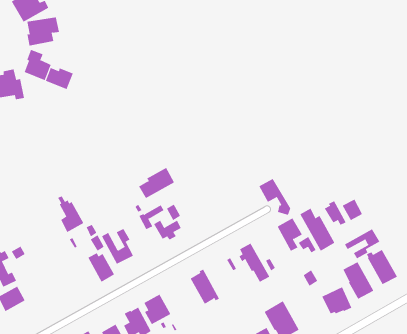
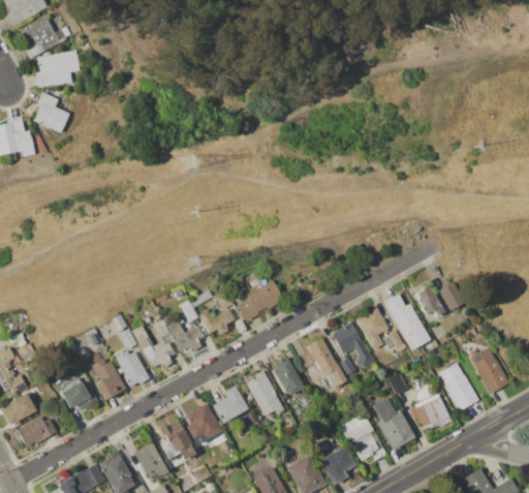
building: [45,67,73,90] -> none
building: [138,167,175,199] -> [237,280,283,320]
building: [259,178,291,216] -> [332,321,373,369]
building: [57,195,84,233] -> [91,353,125,401]
building: none -> [166,319,204,351]
building: [344,228,380,259] -> none
building: none -> [273,358,304,395]
building: none -> [59,377,98,410]
building: none -> [211,386,247,423]
building: none -> [372,397,415,450]
building: none -> [15,417,56,449]

